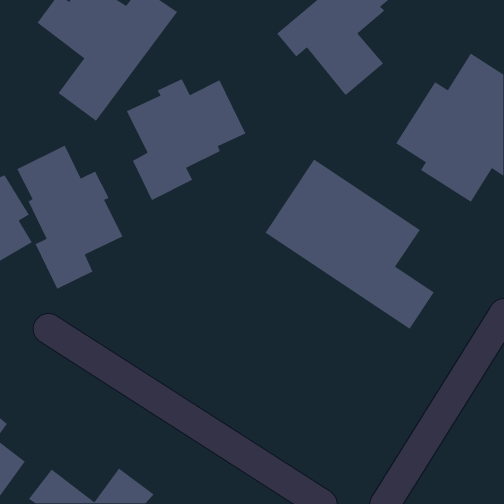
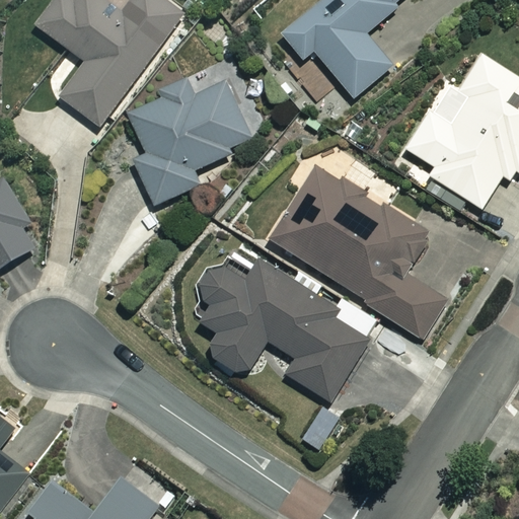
building: [16,145,124,290] -> none
building: none -> [198,261,369,400]

